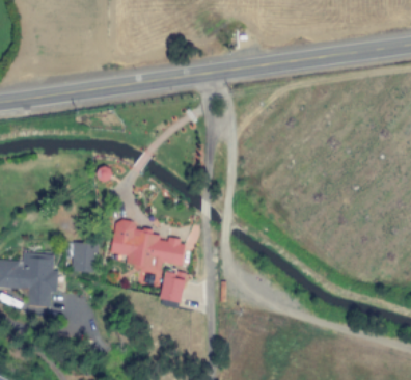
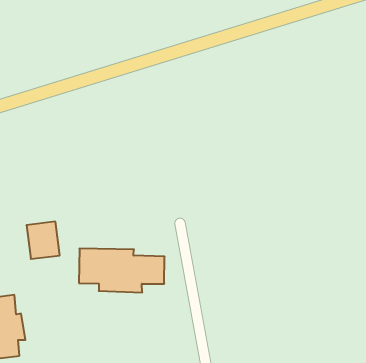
building: [71,243,97,273] -> [26,222,60,259]
building: [159,271,187,303] -> none

